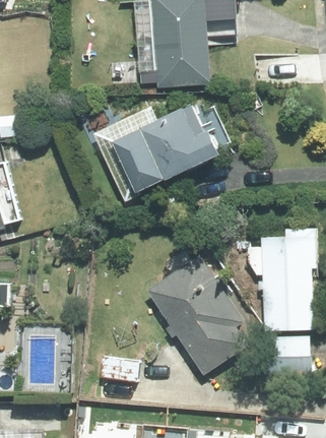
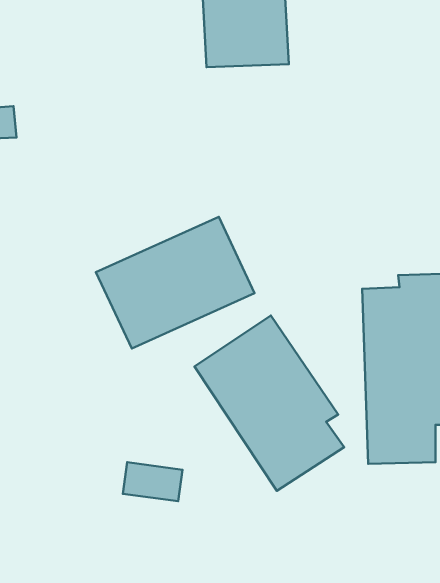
building: [111,105,218,194] -> [96,217,255,348]

